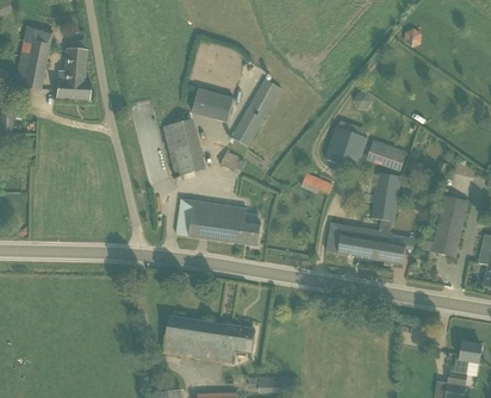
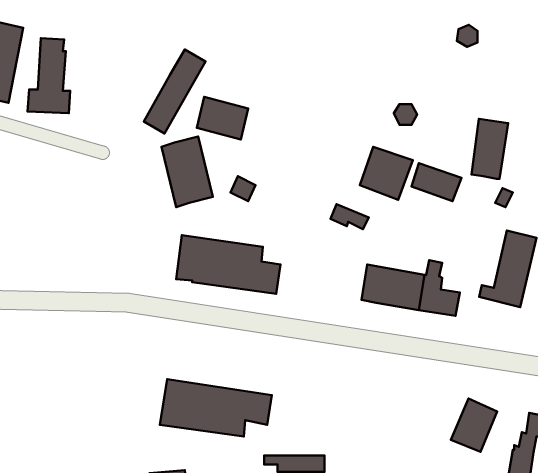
building: [230,77,280,145] -> [144,50,206,133]
building: [371,172,400,220] -> [472,119,508,179]
building: none -> [451,399,497,452]

